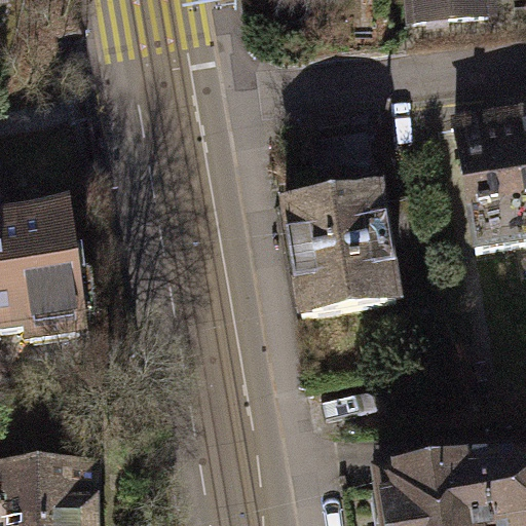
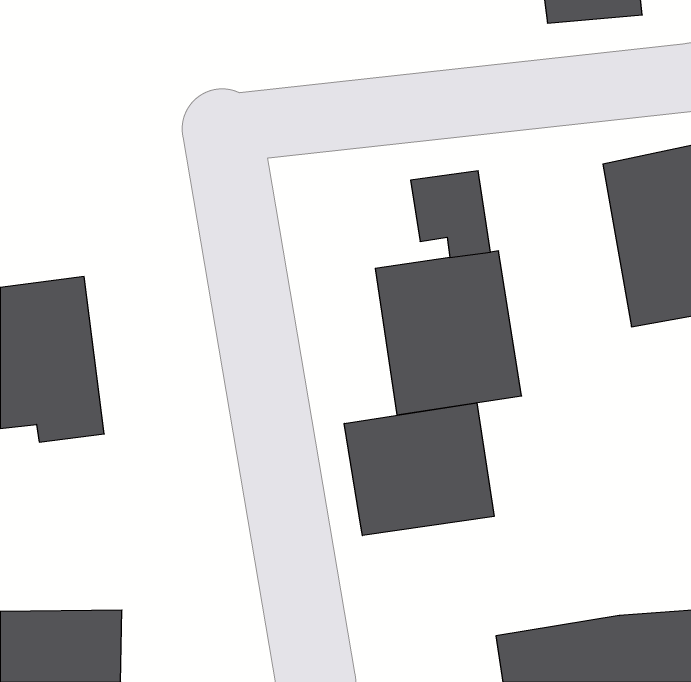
building: none -> [344,403,494,536]

